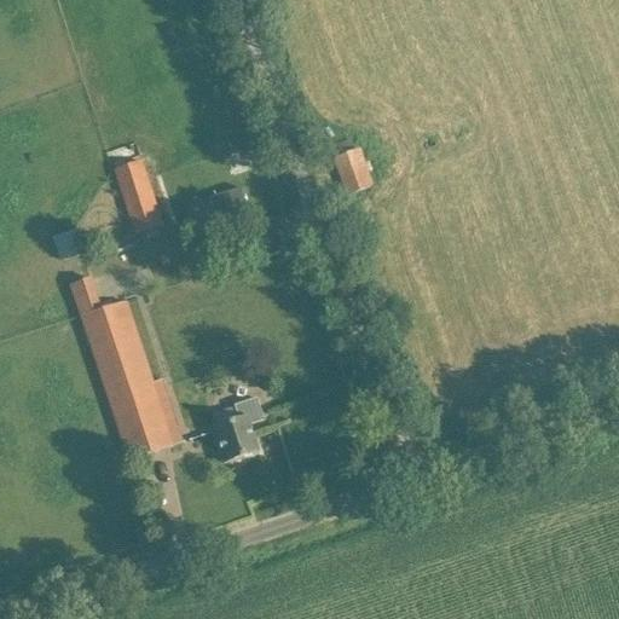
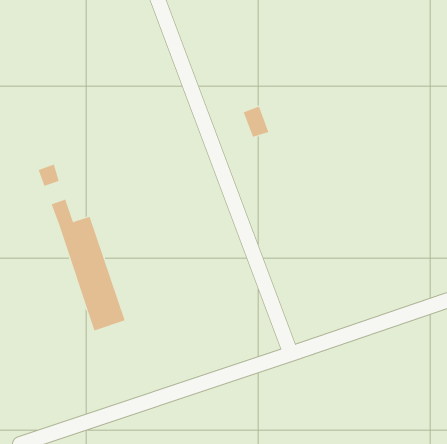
building: [115,158,162,231] -> none
building: [212,395,262,461] -> none

